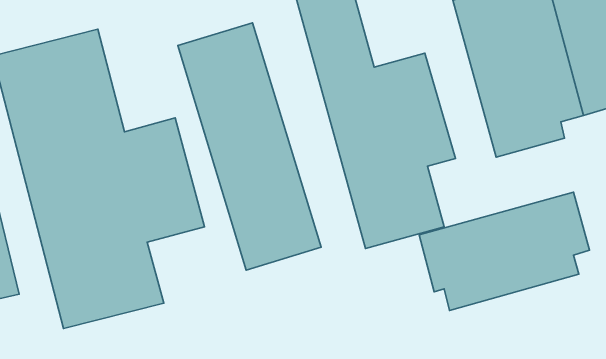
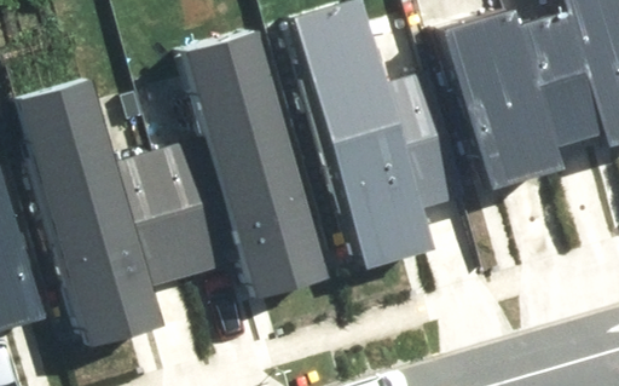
building: [419,192,589,311] -> none

